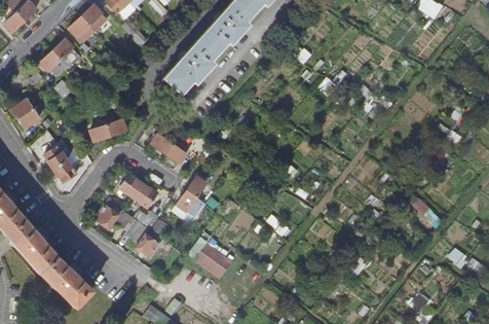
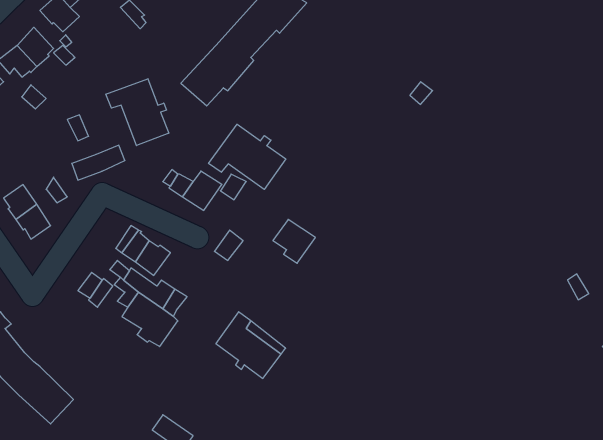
building: none -> [106,79,169,146]
building: none -> [209,124,286,189]
building: [177,191,205,221] -> [273,219,315,263]

